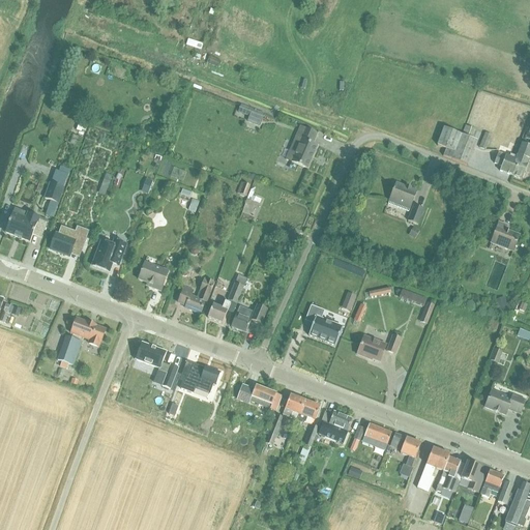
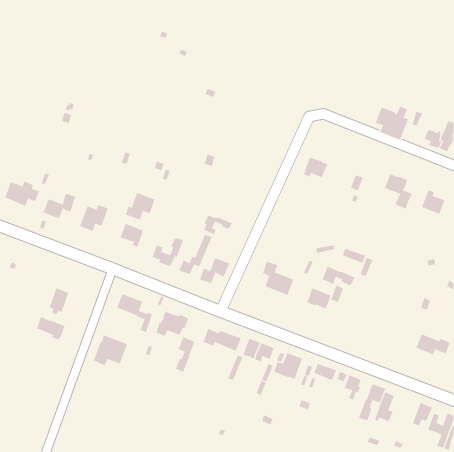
building: [291,124,318,167] -> none
building: [45,169,67,201] -> none
building: [388,180,417,205] -> [303,157,328,178]
building: none -> [384,173,412,210]
building: none -> [125,192,155,221]
building: none -> [204,215,233,235]
building: none -> [322,266,355,286]
building: [71,317,106,345] -> [36,316,65,340]
building: none -> [93,334,128,366]
building: none -> [175,336,195,373]
building: [462,460,483,491] -> none

